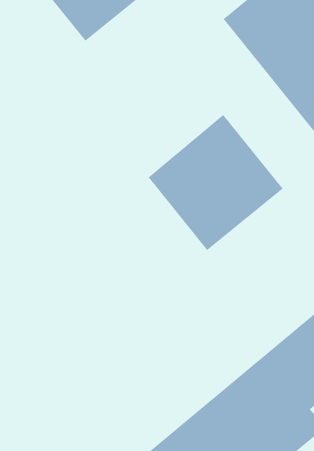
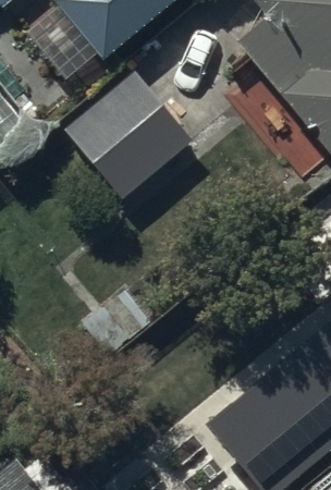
building: [148,114,284,251] -> [63,65,196,199]

